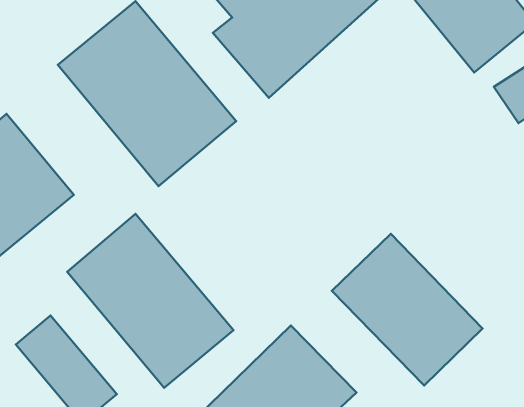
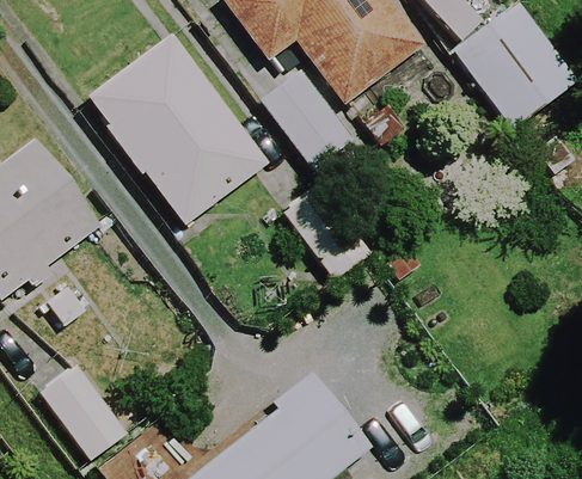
building: [67,214,233,388] -> none
building: [332,234,482,386] -> none

